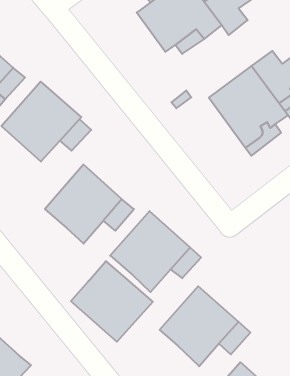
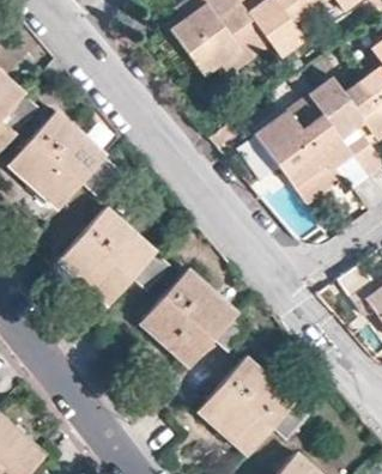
building: [71,261,153,342] -> none

